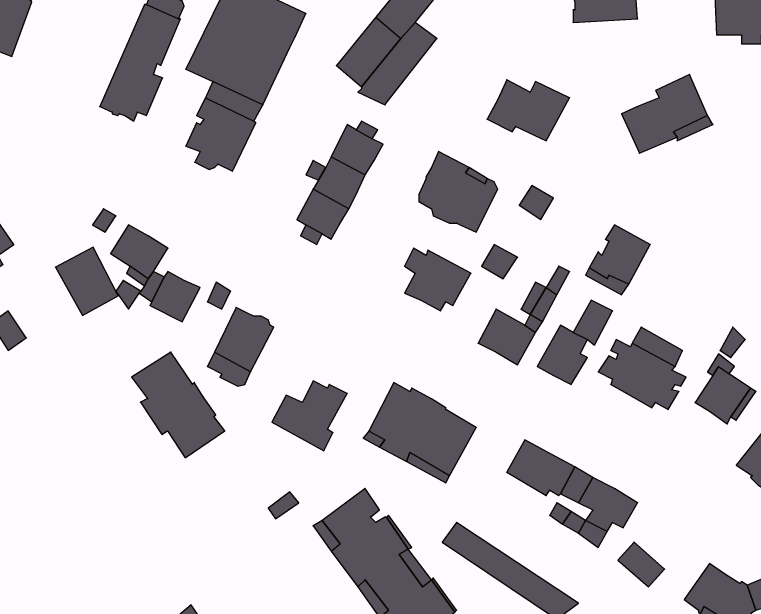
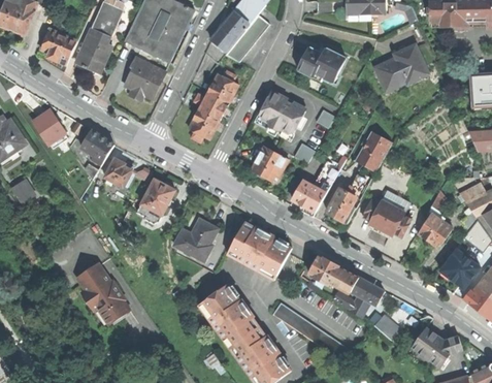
building: none -> [40,29,75,65]
building: [55,247,118,315] -> [29,106,65,146]
building: [132,352,225,458] -> [75,263,129,324]

